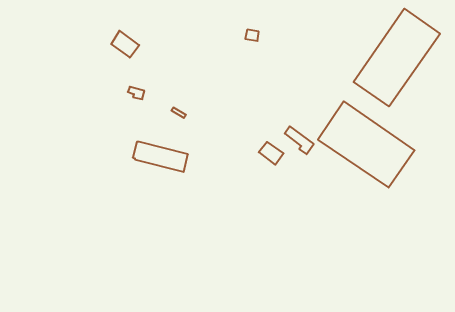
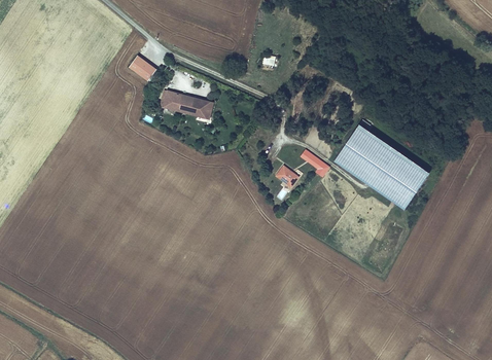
building: [354,9,440,106] -> none
building: [133,142,188,172] -> [160,89,214,119]

